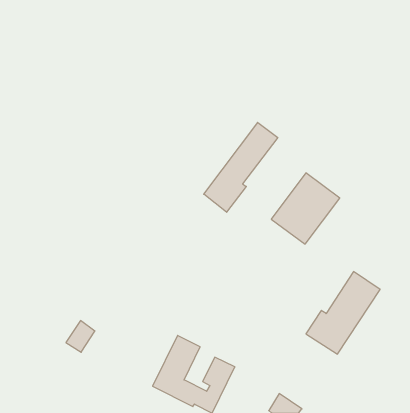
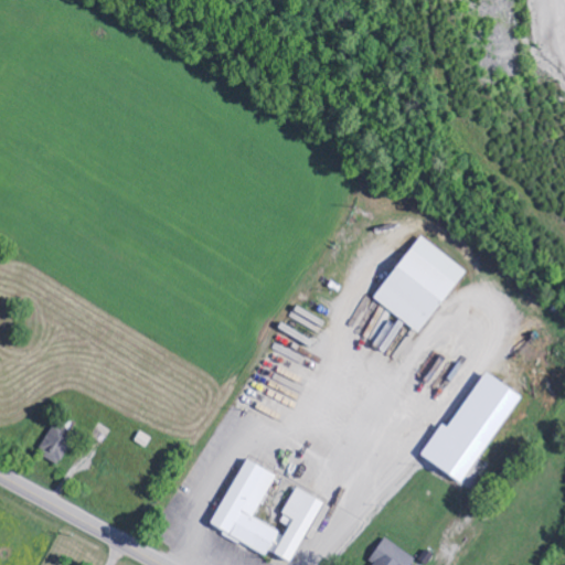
building: [204,122,278,212] -> none
building: [66,321,95,352] -> [35,420,75,463]

